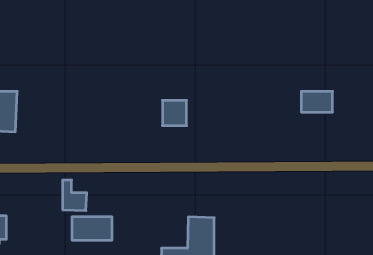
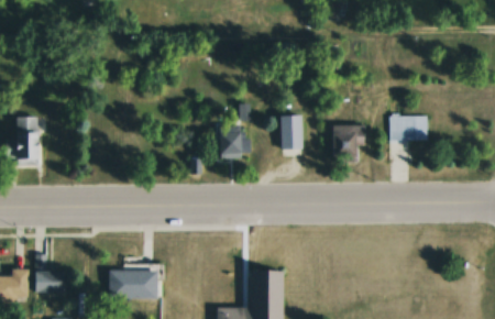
building: none -> [282,114,303,148]
building: none -> [332,124,364,162]
building: [63,180,87,211] -> [36,255,66,293]

